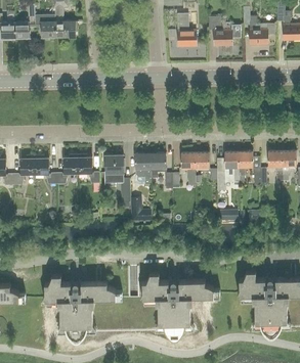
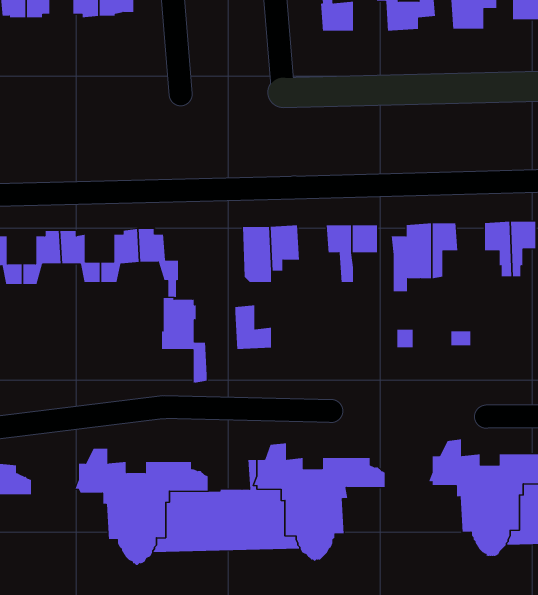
building: [104,154,130,201] -> [161,297,208,383]

